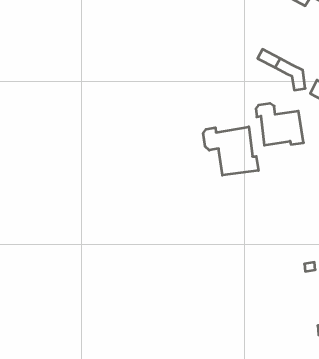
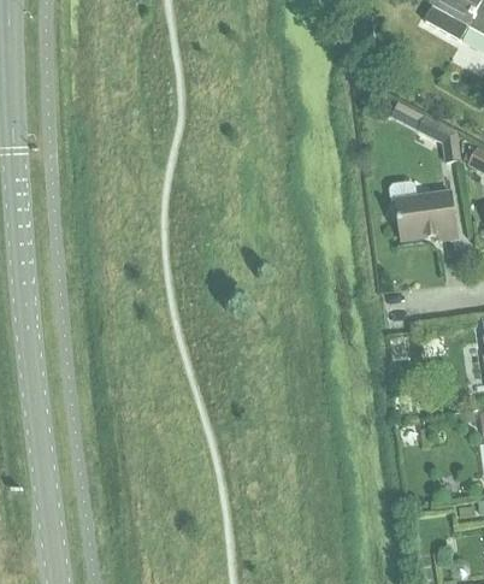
building: [203,127,258,175] -> none

